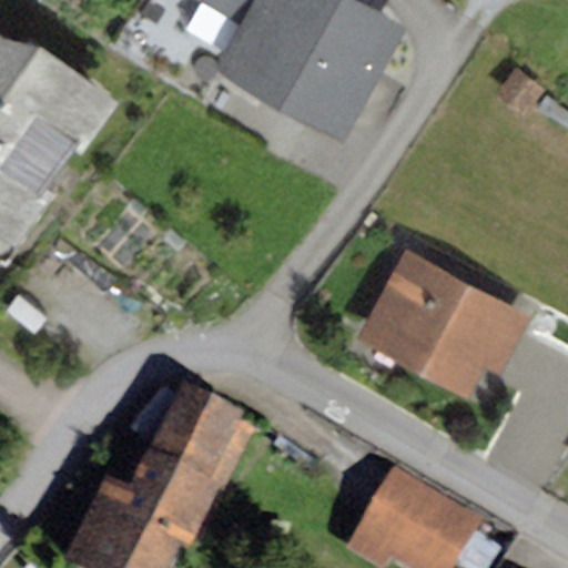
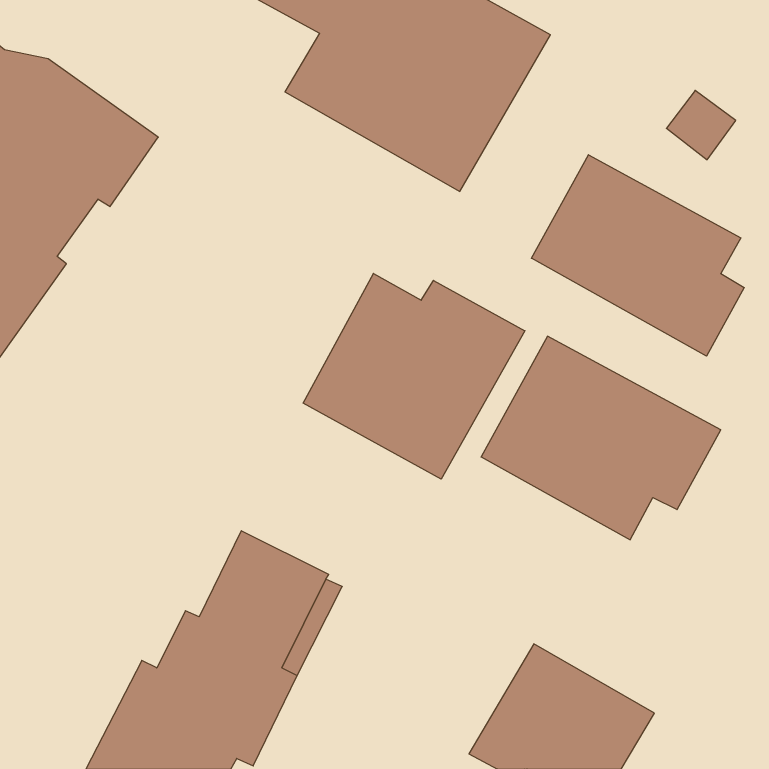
building: none -> [531,155,744,356]
building: none -> [303,273,525,479]

